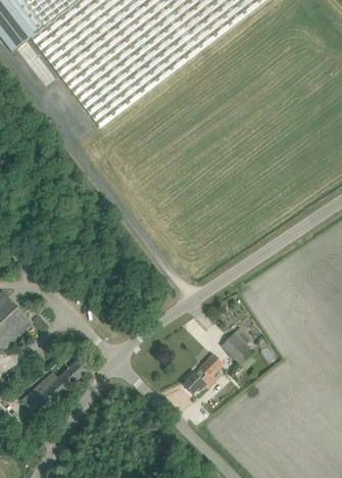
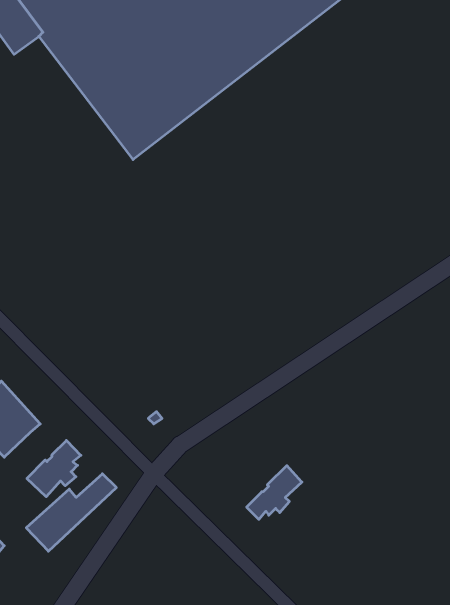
building: [221,326,255,363] -> none
building: none -> [27,440,81,497]

